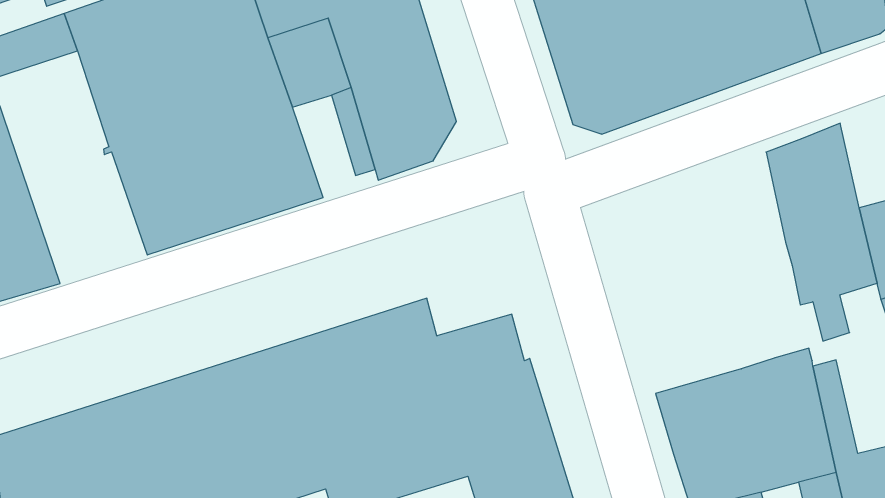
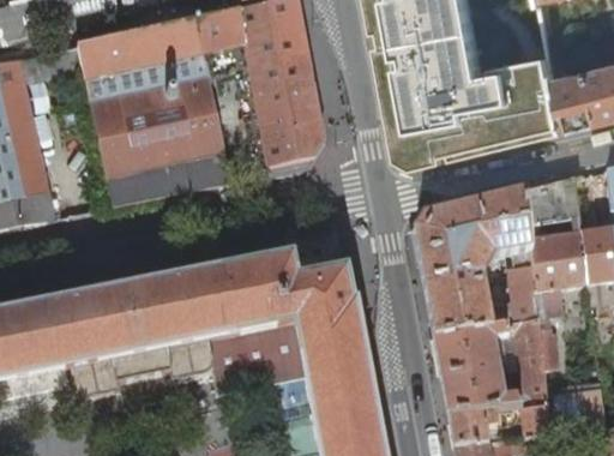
building: none -> [414,184,537,332]

